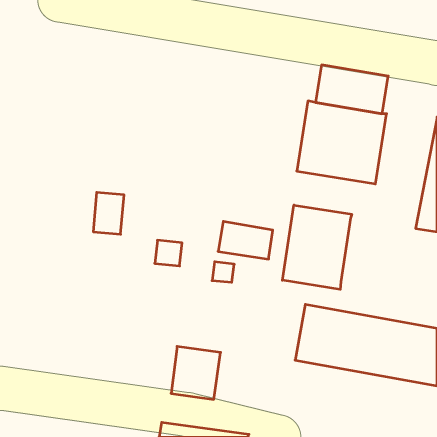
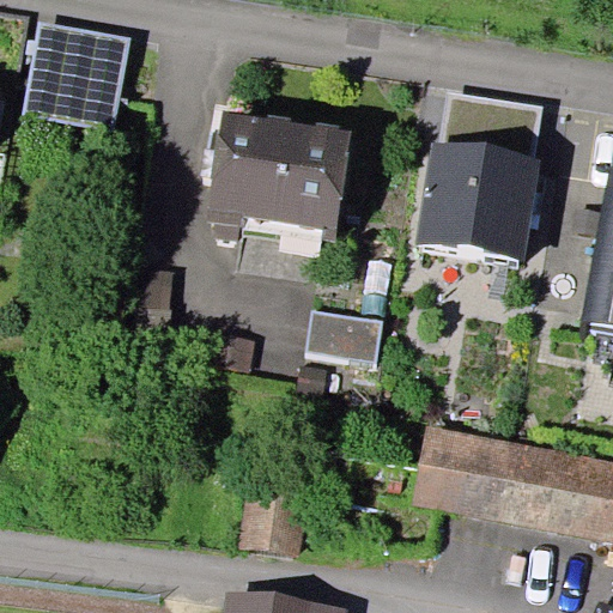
building: none -> [24,20,131,128]
building: none -> [208,113,351,239]
building: [282,205,352,289] -> none

